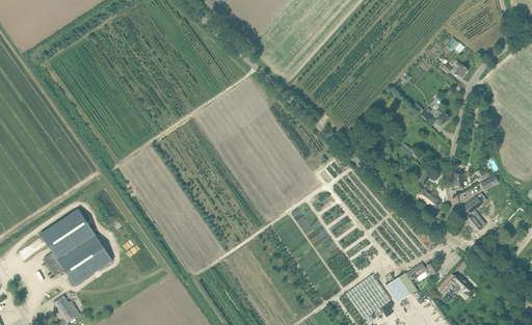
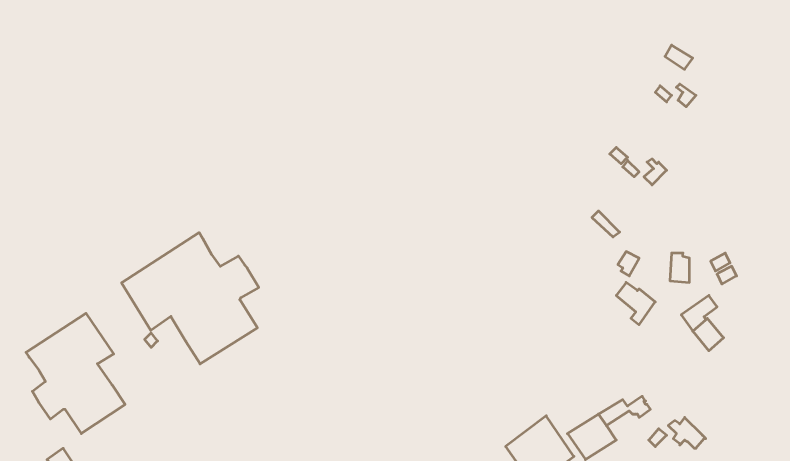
building: none -> [122,233,259,364]

